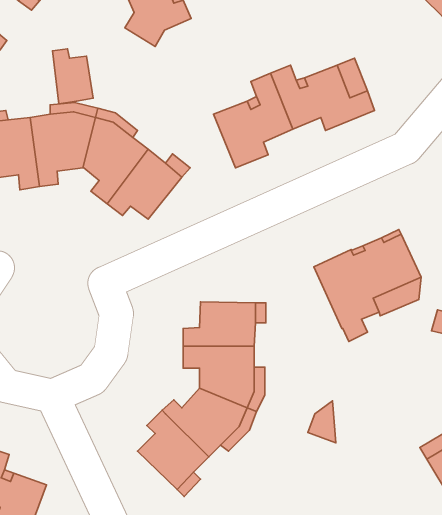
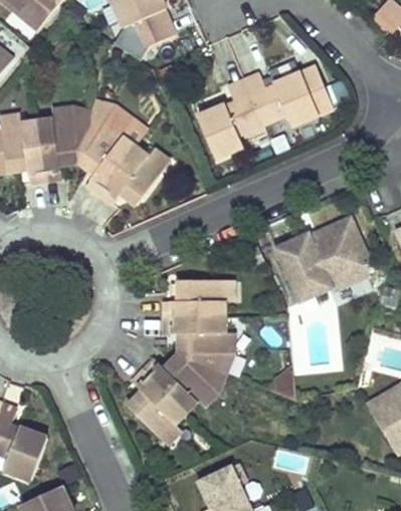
building: [53,49,93,104] -> none

